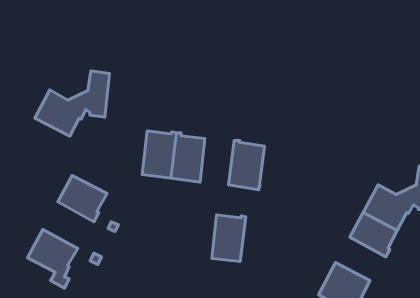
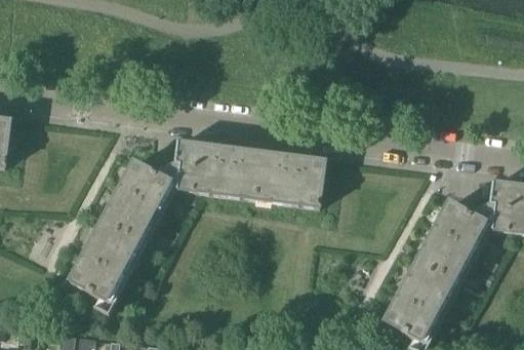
building: [35,71,110,136] -> [117,144,198,215]
building: none -> [85,224,140,274]
building: [212,215,246,261] -> [255,155,292,205]
building: none -> [402,262,456,309]

